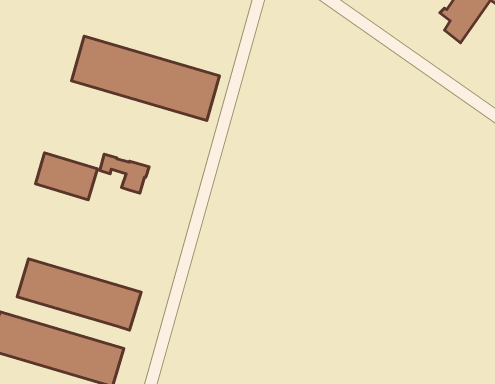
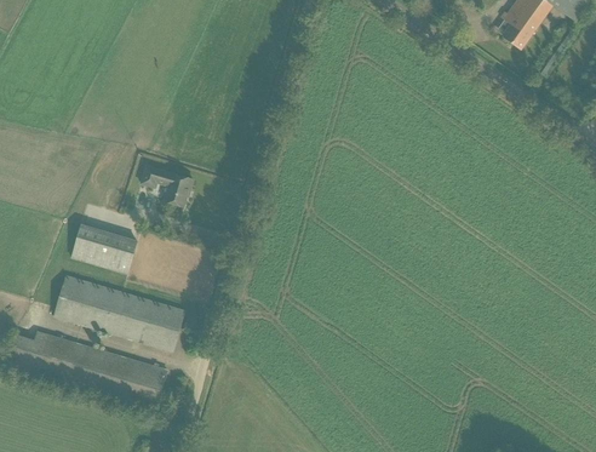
building: [71,36,220,121] -> none
building: [35,153,97,200] -> [70,223,136,273]

